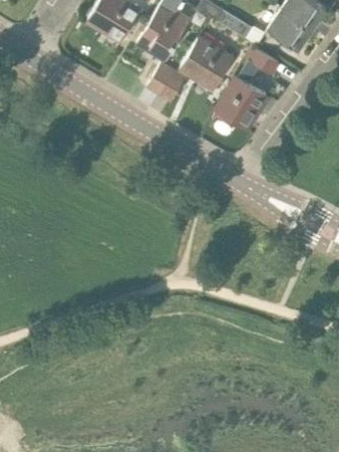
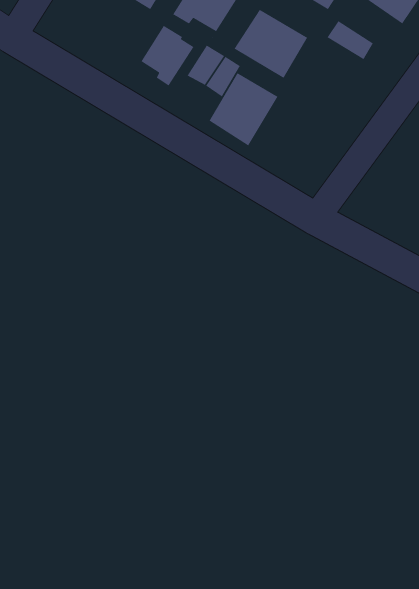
building: none -> [138,25,194,87]
building: [217,76,266,129] -> [208,72,279,146]

